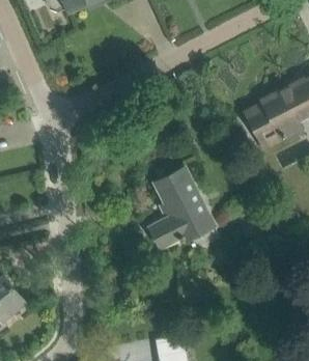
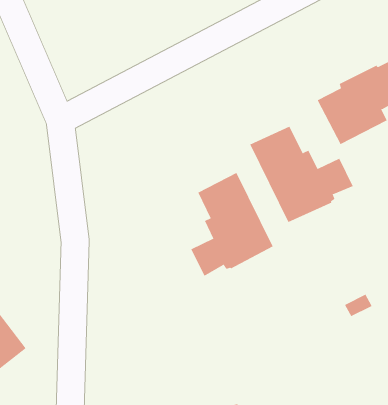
building: none -> [250,126,353,223]

